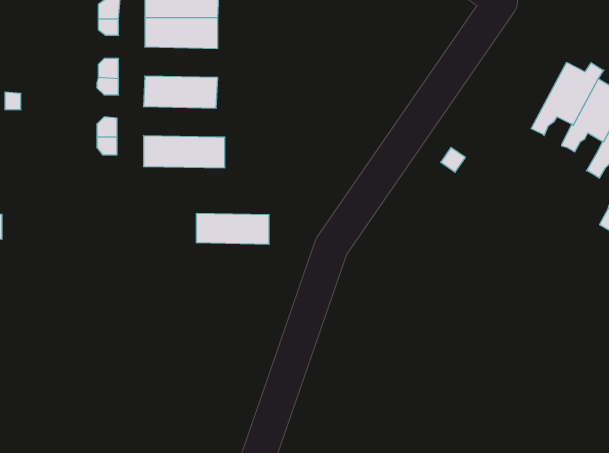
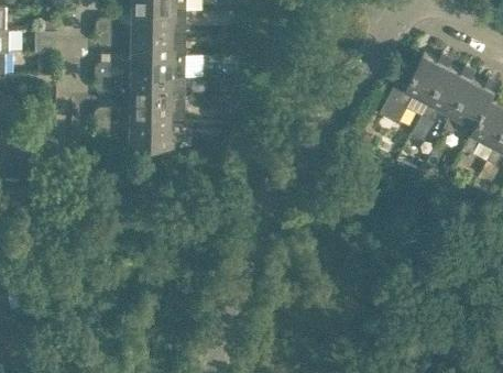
building: none -> [380,56,452,127]
building: none -> [130,57,185,80]
building: [196,213,269,244] -> [129,102,184,125]

